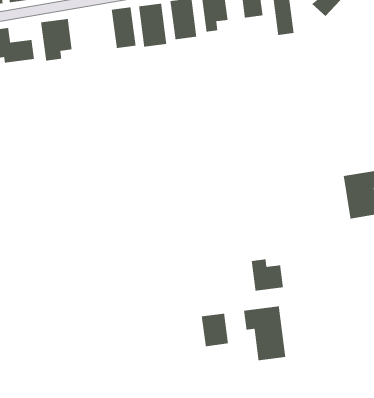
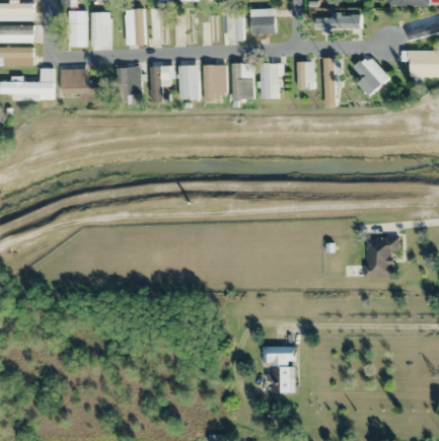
building: none -> [151,65,170,101]
building: [251,259,284,291] -> none
building: [201,313,229,347] -> none

